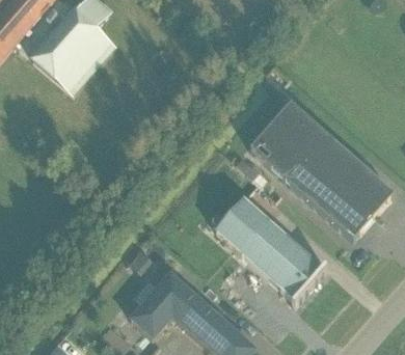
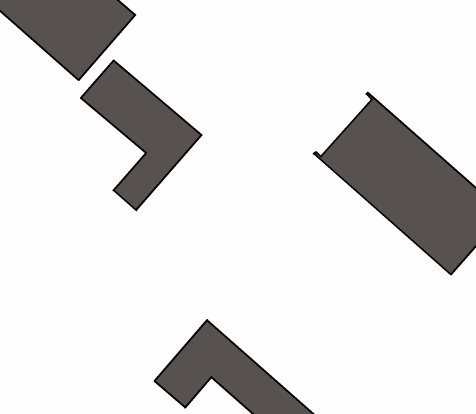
building: none -> [81,60,202,210]
building: [214,197,326,303] -> none

